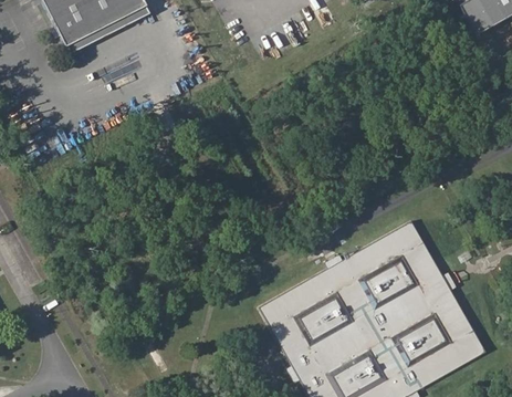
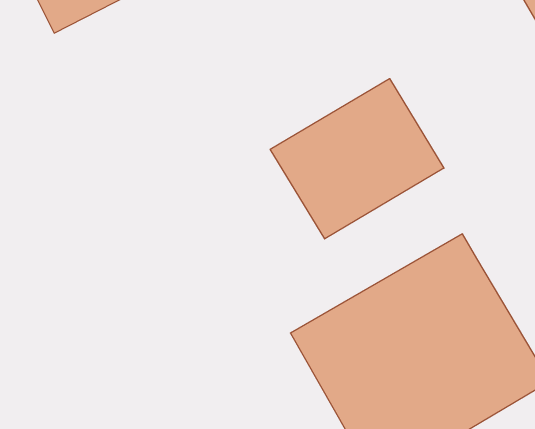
building: none -> [270,79,444,239]

